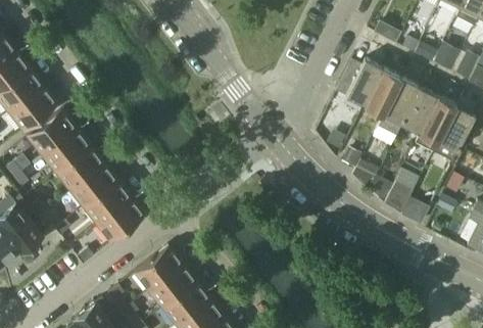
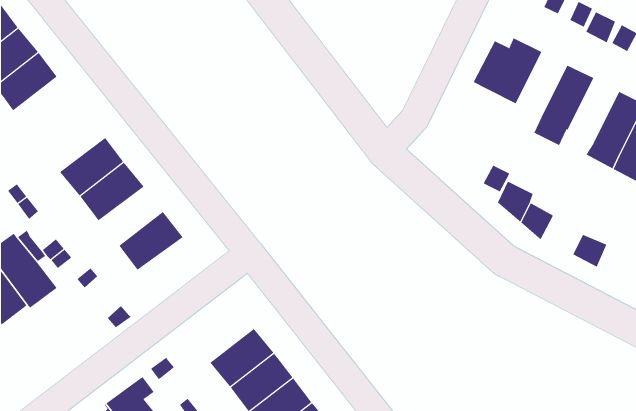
building: [366,69,401,115] -> none
building: [10,87,55,129] -> none
building: [402,88,438,134] -> none
building: [30,111,76,154] -> none
building: [70,165,116,206] -> none
building: [384,182,414,214] -> none
building: [98,200,144,242] -> none
building: [136,247,181,289] -> none

